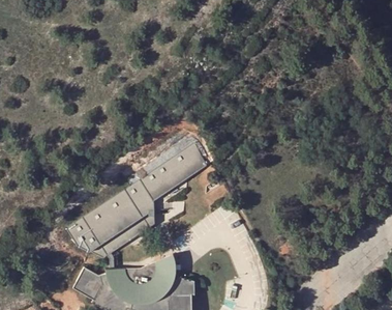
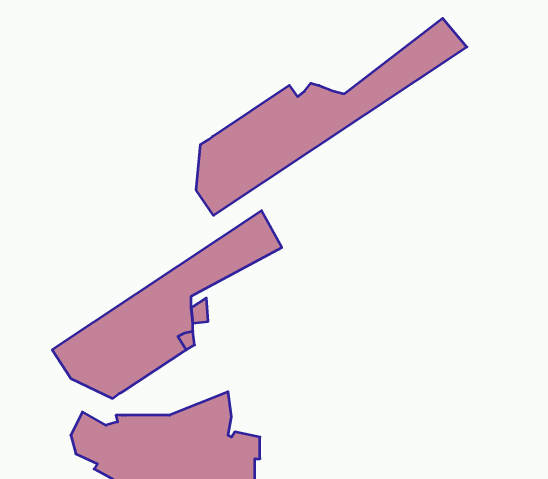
building: none -> [196,18,467,215]

